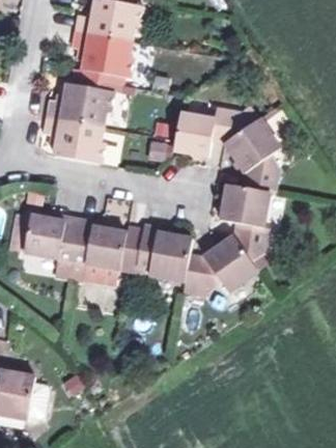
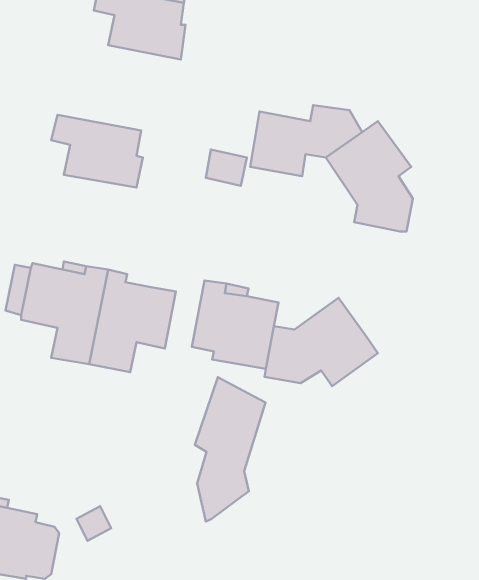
building: [47,82,112,125] -> none
building: [222,184,272,261] -> none
building: none -> [195,377,266,521]

